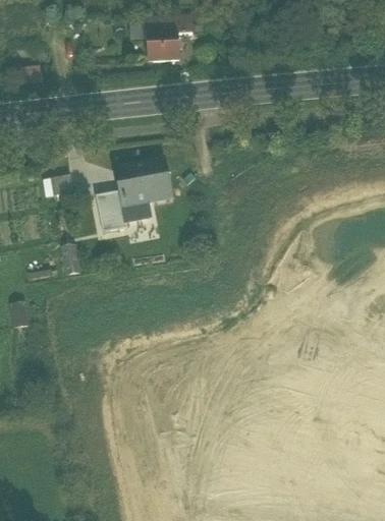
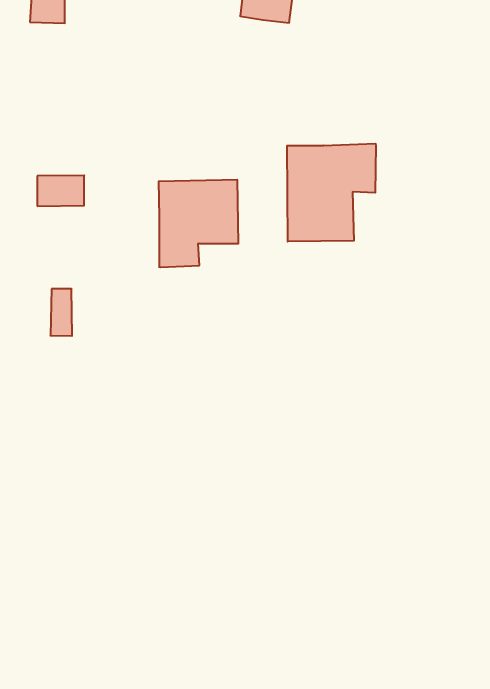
building: none -> [287,144,376,242]
building: [96,189,127,231] -> none

